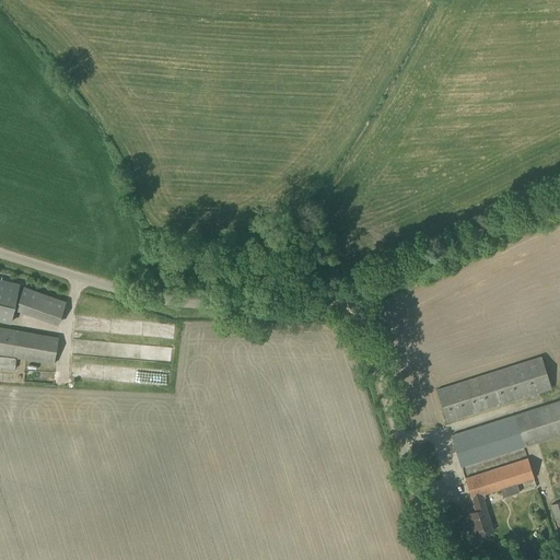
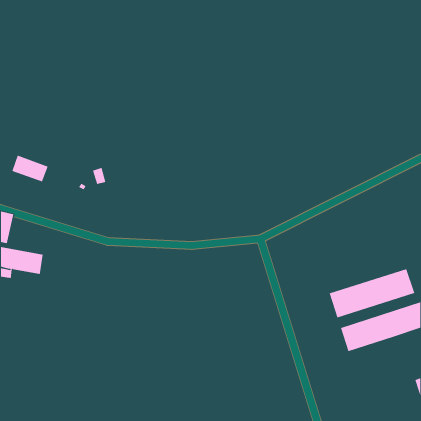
building: [16,288,66,324] -> [11,155,48,182]
building: [465,458,534,537] -> none

